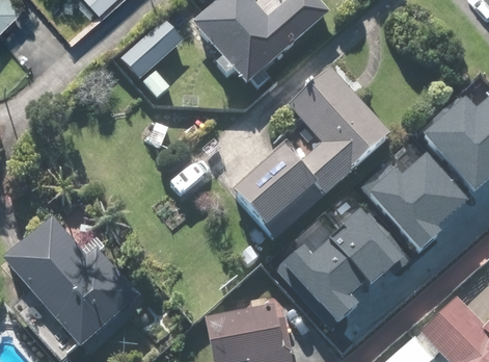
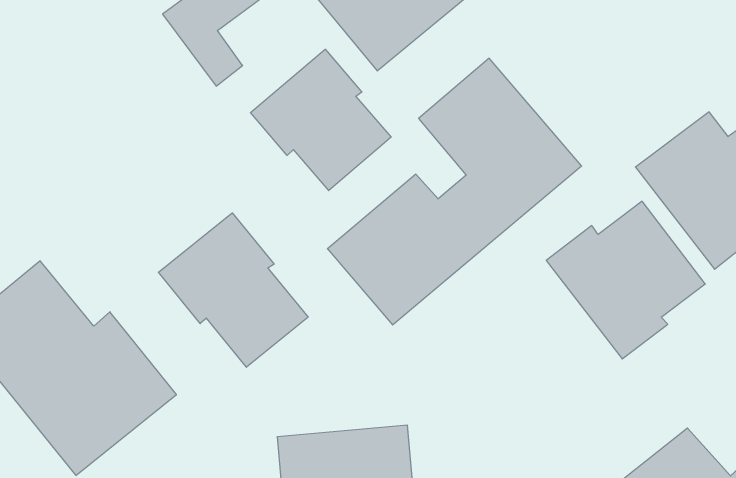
building: none -> [250,49,391,191]
building: none -> [158,213,308,367]
building: [278,212,402,327] -> none

